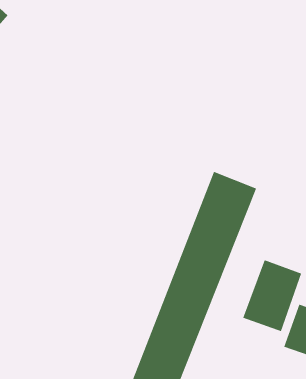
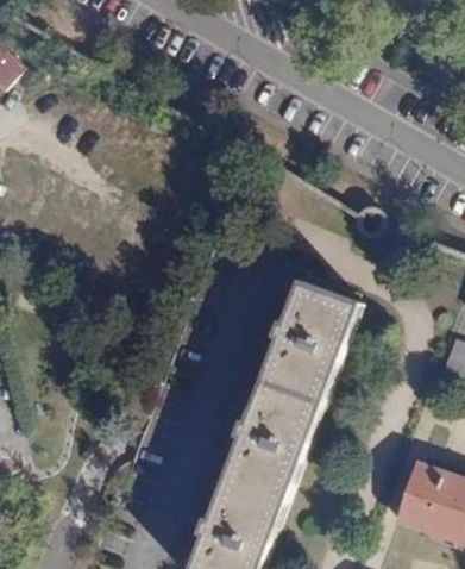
building: [242,259,302,332] -> none

